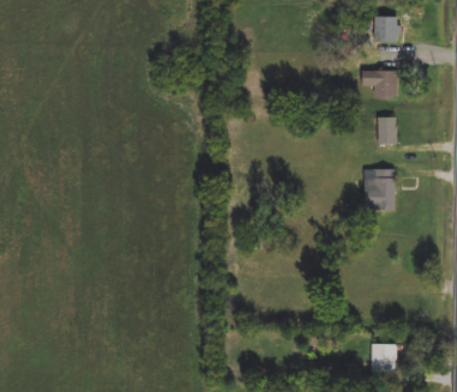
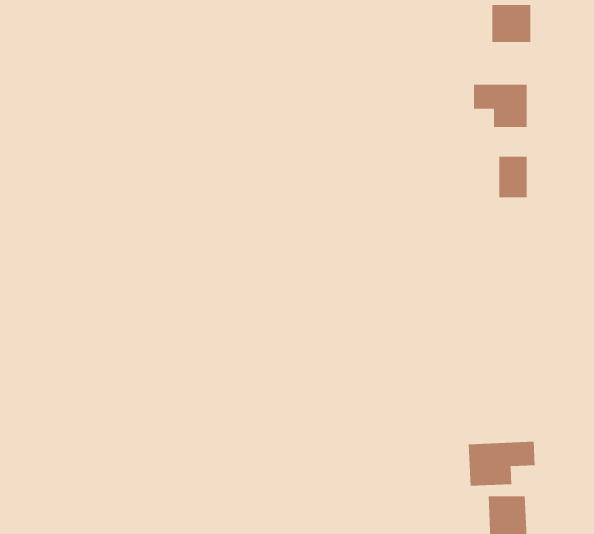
building: [363,169,396,211] -> none
building: none -> [468,441,535,486]

